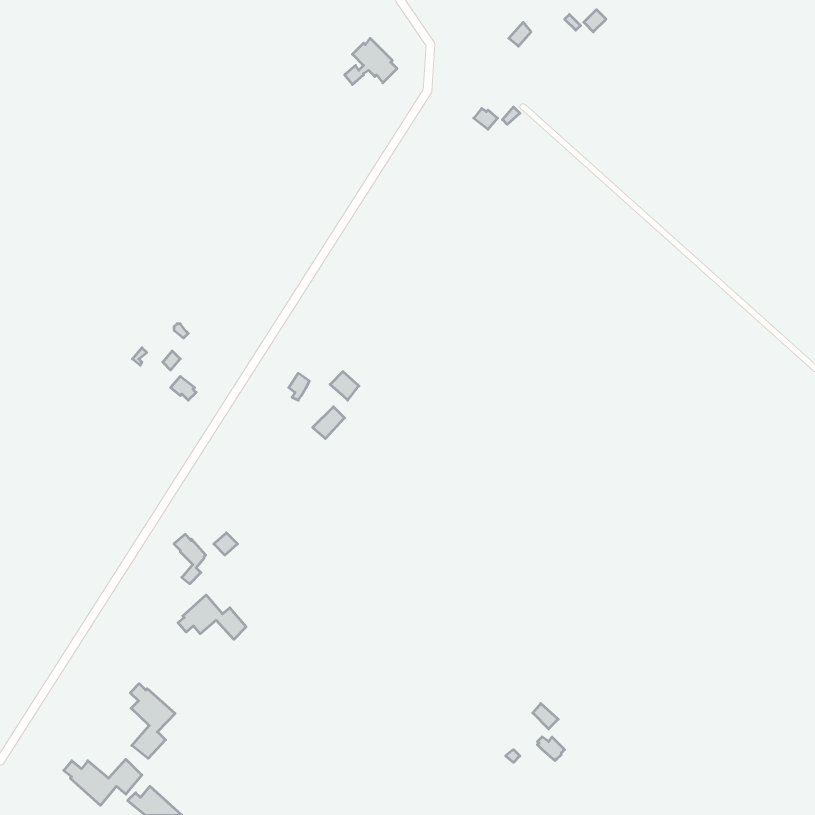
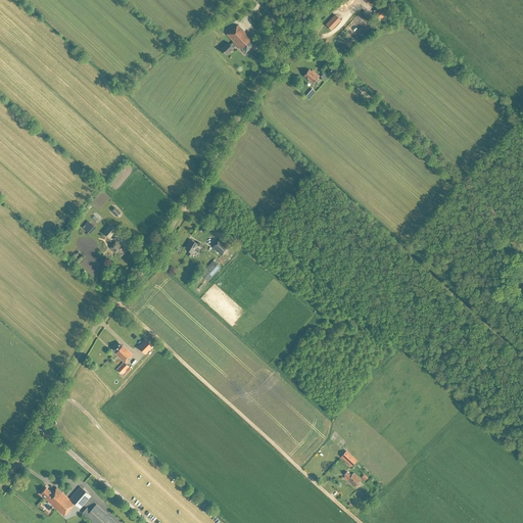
building: [178,595,246,639] -> none
building: [130,684,175,758] -> none

